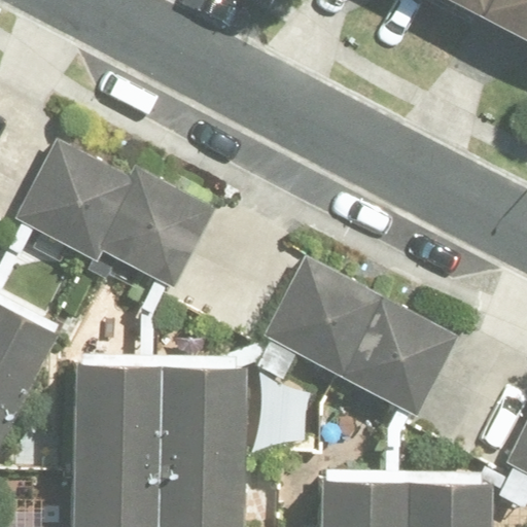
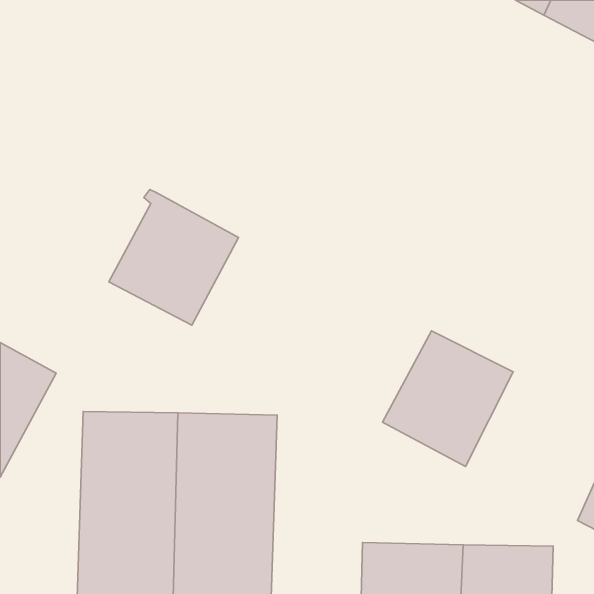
building: [16,139,136,260] -> none
building: [264,253,383,375] -> none

